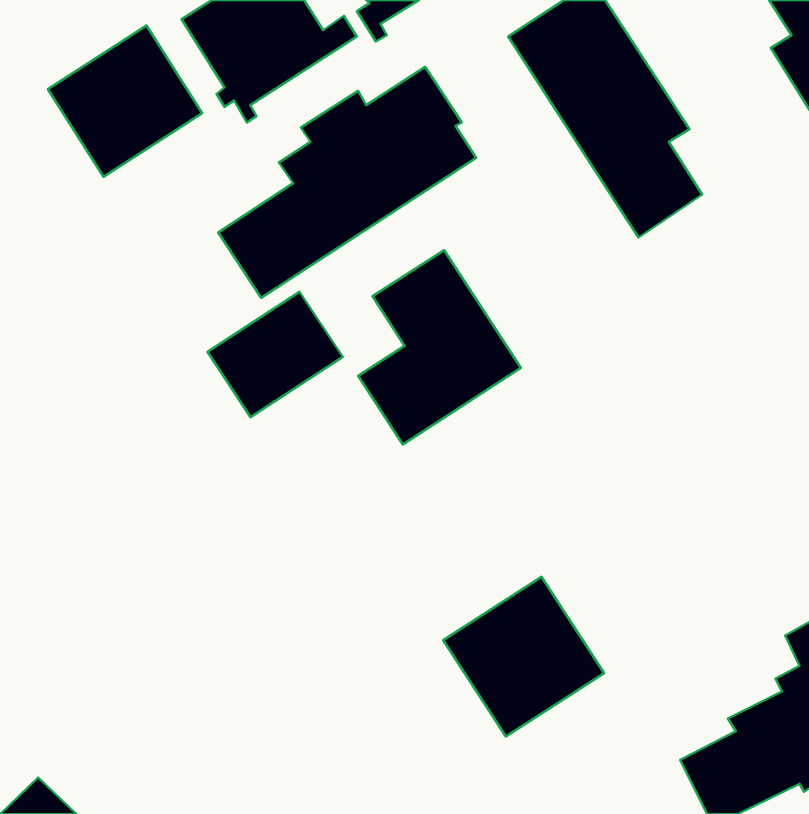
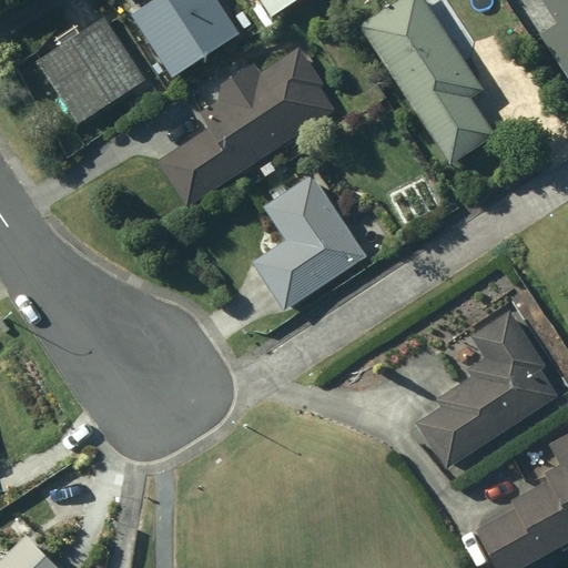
building: [207,292,343,417] -> none
building: none -> [418,310,558,467]
building: [443,577,604,736] -> none

